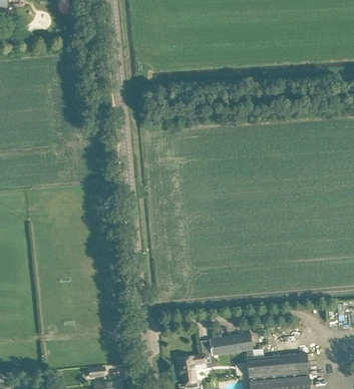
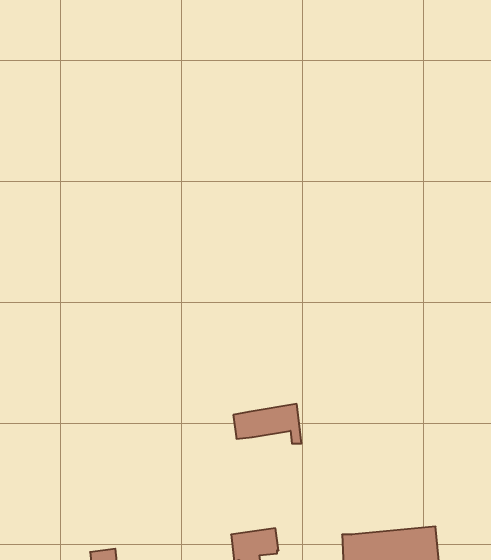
building: [209,333,252,358] -> [233,404,301,444]

